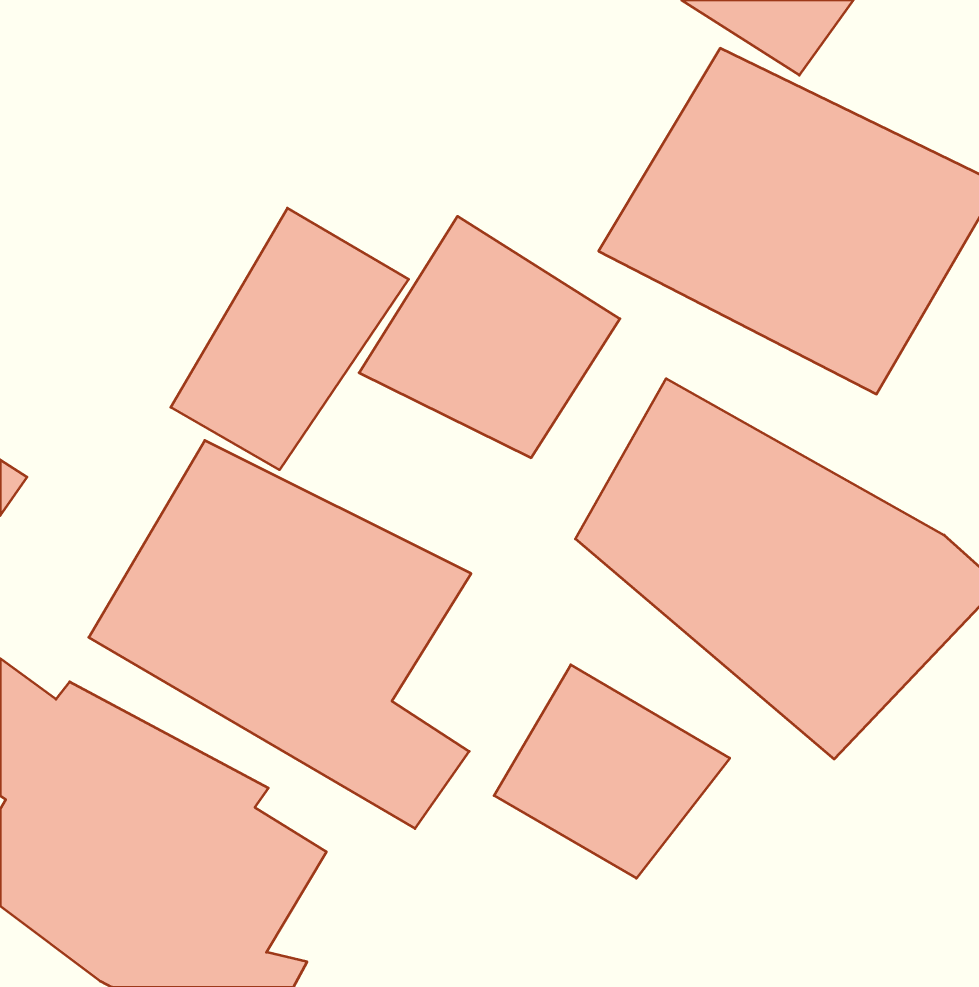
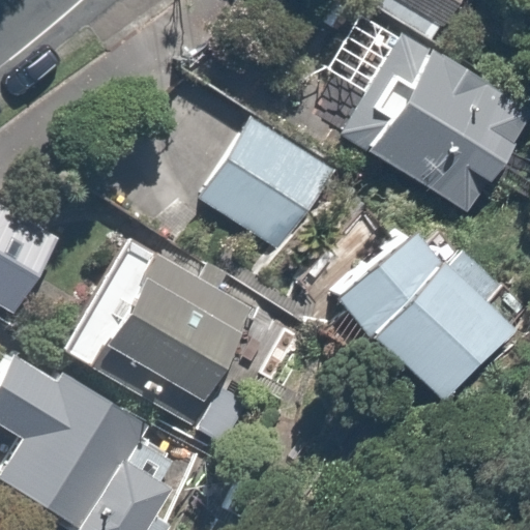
building: [171,208,409,470] -> none
building: [494,665,730,878] -> none

